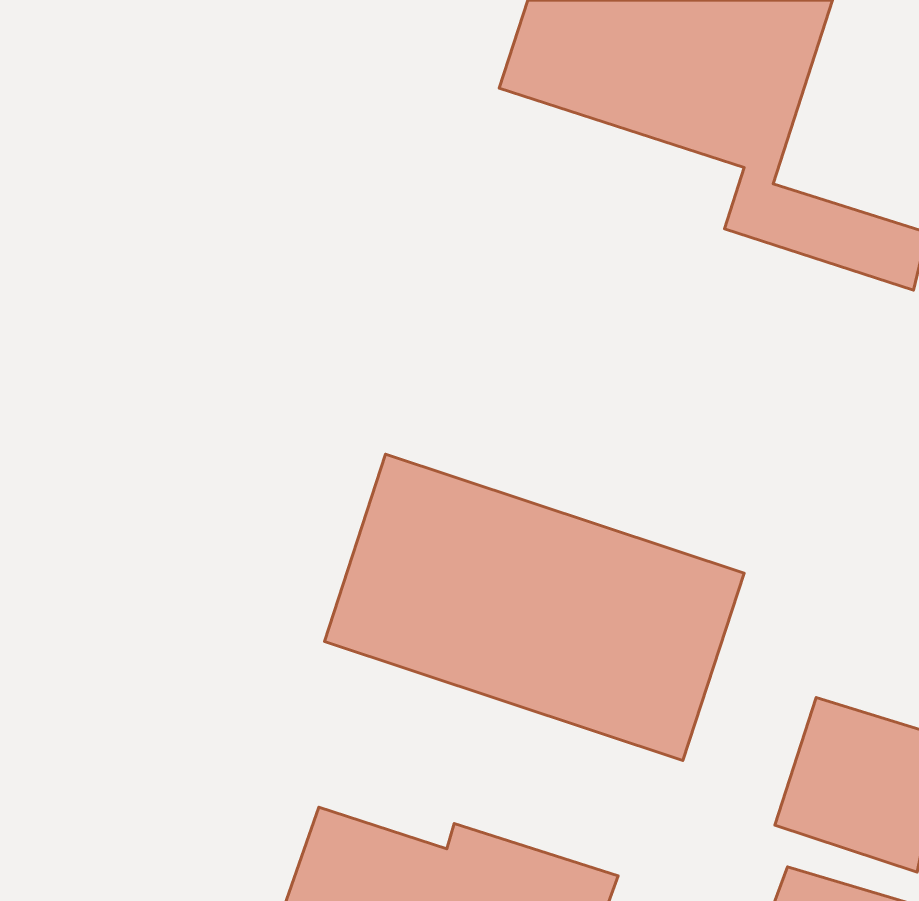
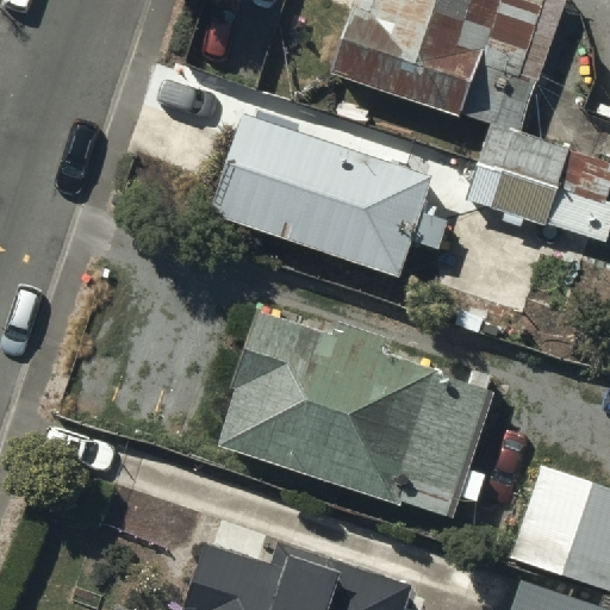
building: none -> [218,118,427,273]

